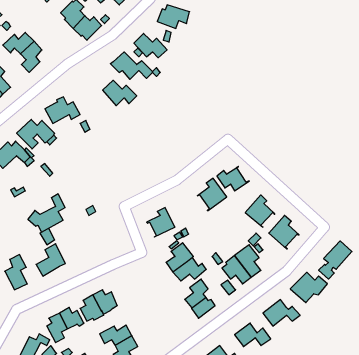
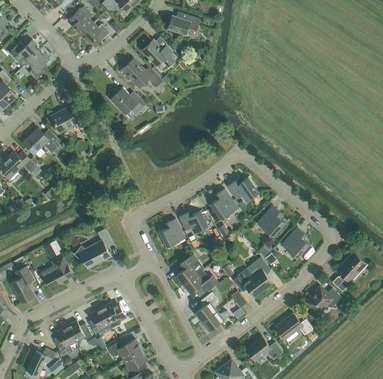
building: [28,194,65,232] -> [74,228,112,267]
building: none -> [179,210,210,233]

